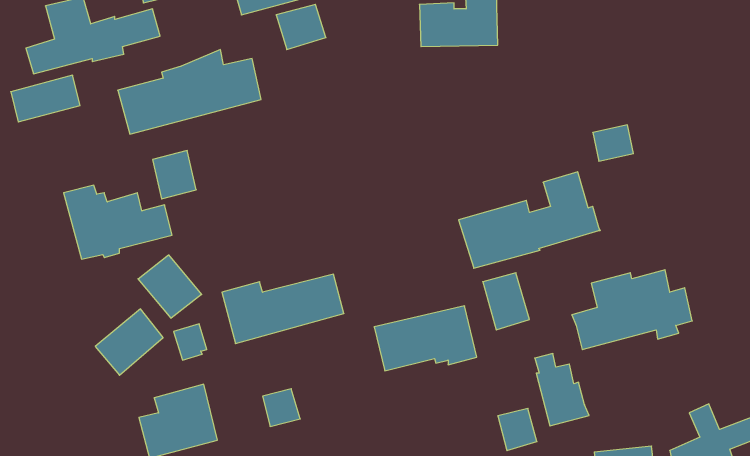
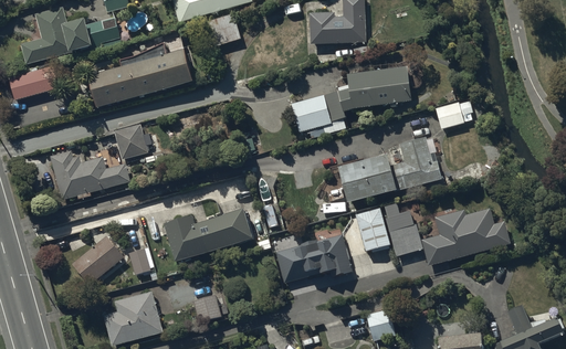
building: none -> [292,66,411,133]
building: [138,255,202,318] -> none
building: [535,354,589,426] -> [385,202,424,255]

